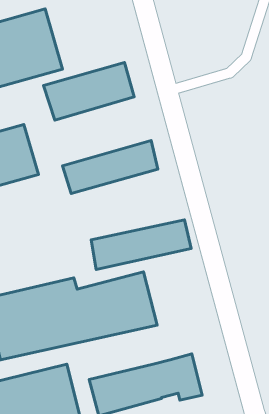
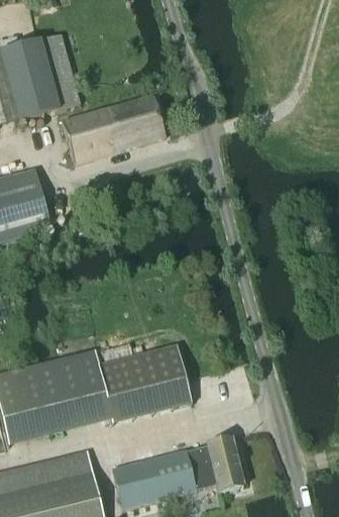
building: [63,140,158,194] -> none
building: [91,220,191,269] -> none

